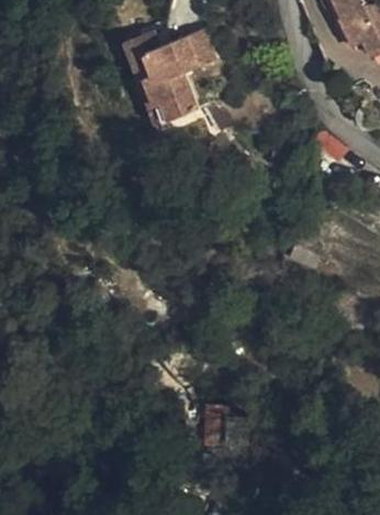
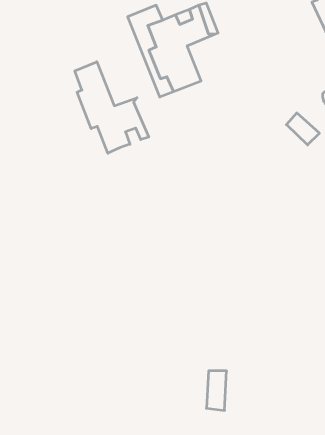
building: none -> [75,62,149,153]

